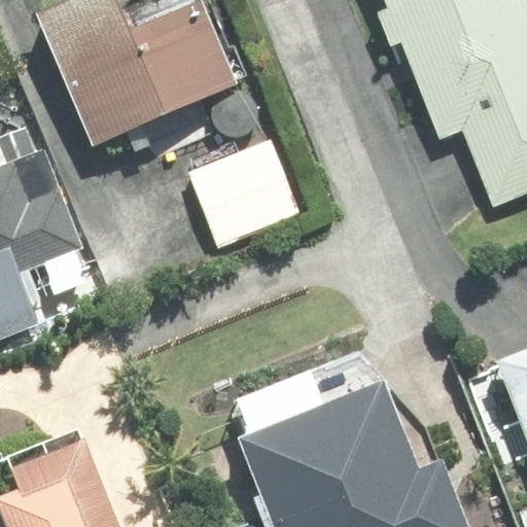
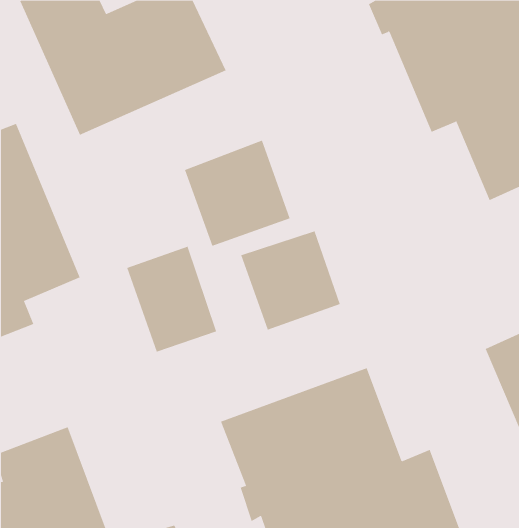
building: none -> [241,230,341,331]
building: none -> [126,246,217,352]

